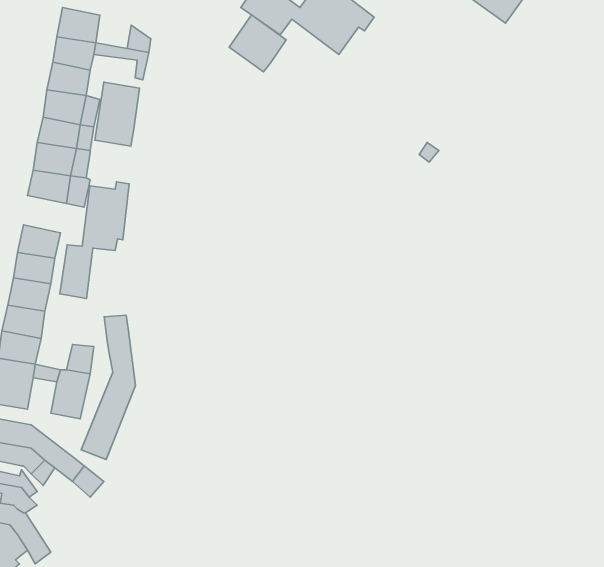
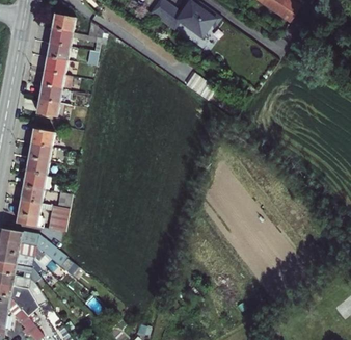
building: [229,15,286,72] -> none
building: [95,82,140,146] -> none
building: [60,182,129,299] -> none
building: [81,315,136,459] -> none

